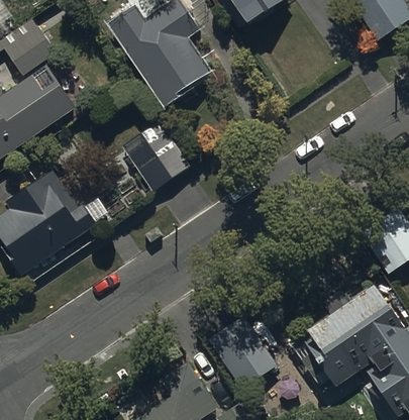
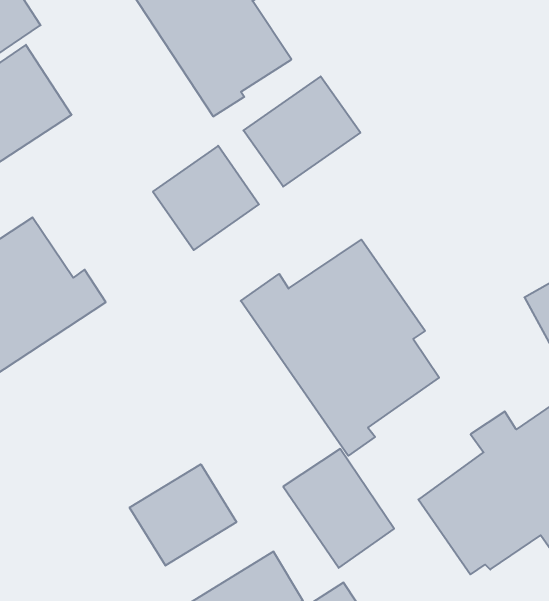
building: none -> [243,76,360,187]
building: none -> [241,240,439,456]
building: none -> [130,464,236,566]

